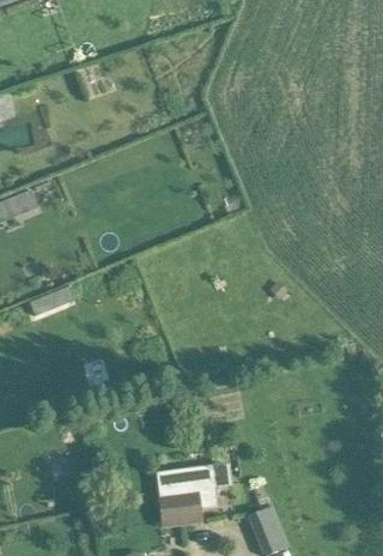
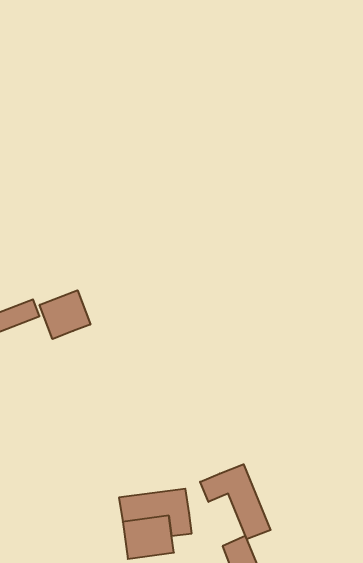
building: none -> [40,290,90,339]
building: none -> [200,464,271,539]

